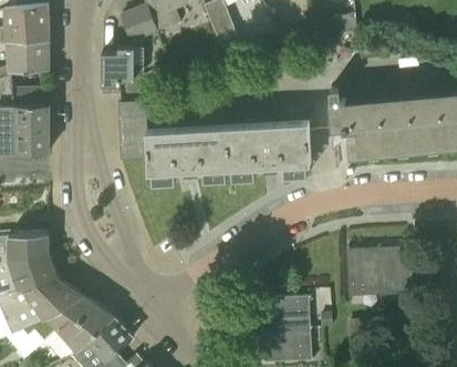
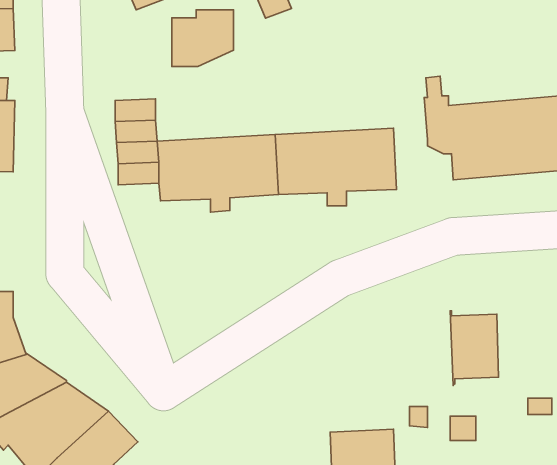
building: [102,47,144,85] -> [172,10,233,66]
building: [380,245,413,295] -> none
building: [260,296,311,330] -> none

